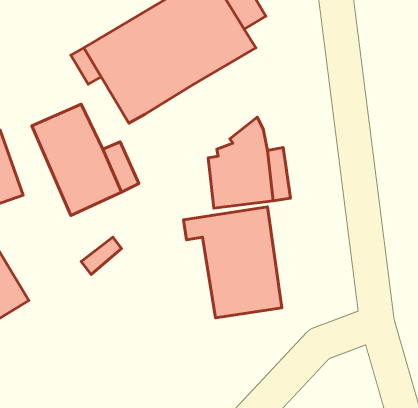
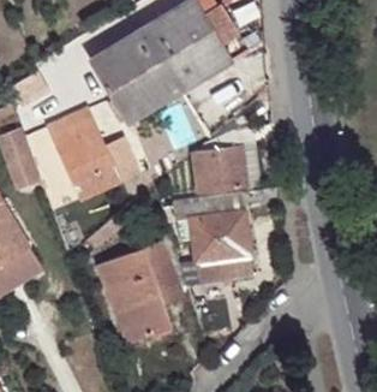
building: none -> [97,242,182,343]

